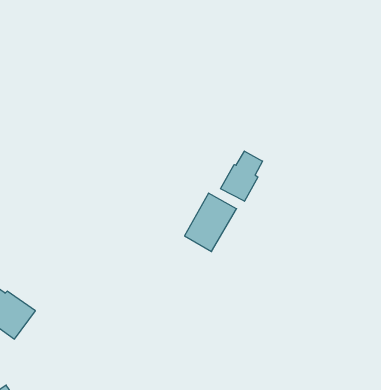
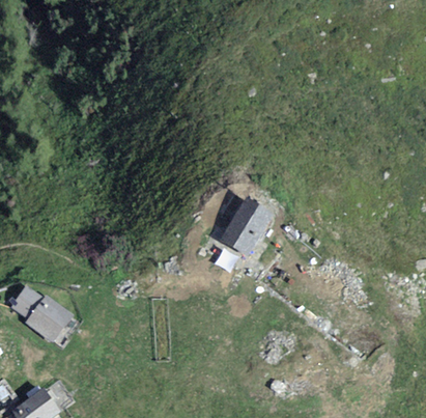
building: [221,151,263,201] -> none

